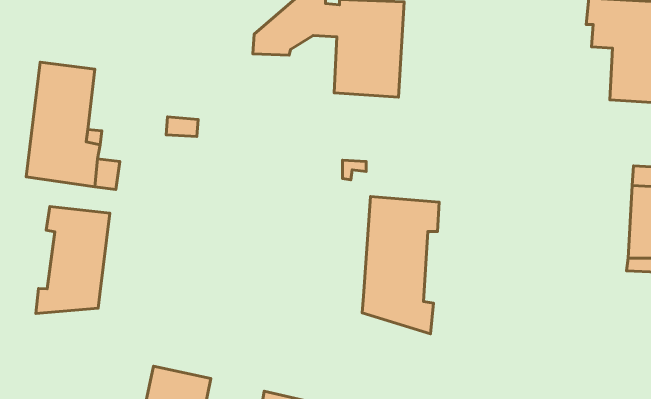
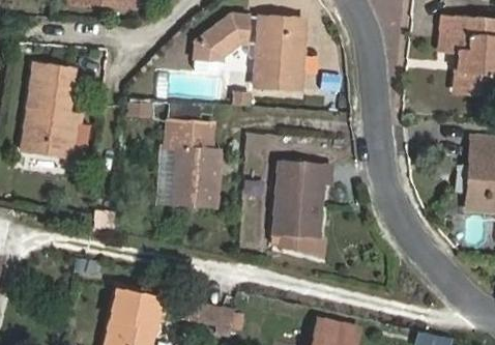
building: none -> [166,122,220,209]
building: [36,206,110,314] -> none

